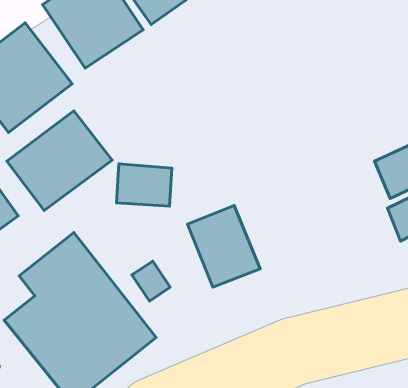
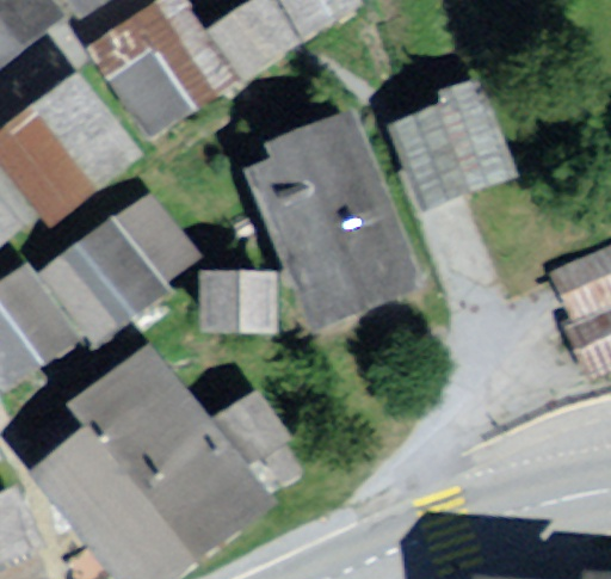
building: none -> [395,93,507,210]
building: none -> [255,119,409,310]
building: [188,205,260,287] -> none

